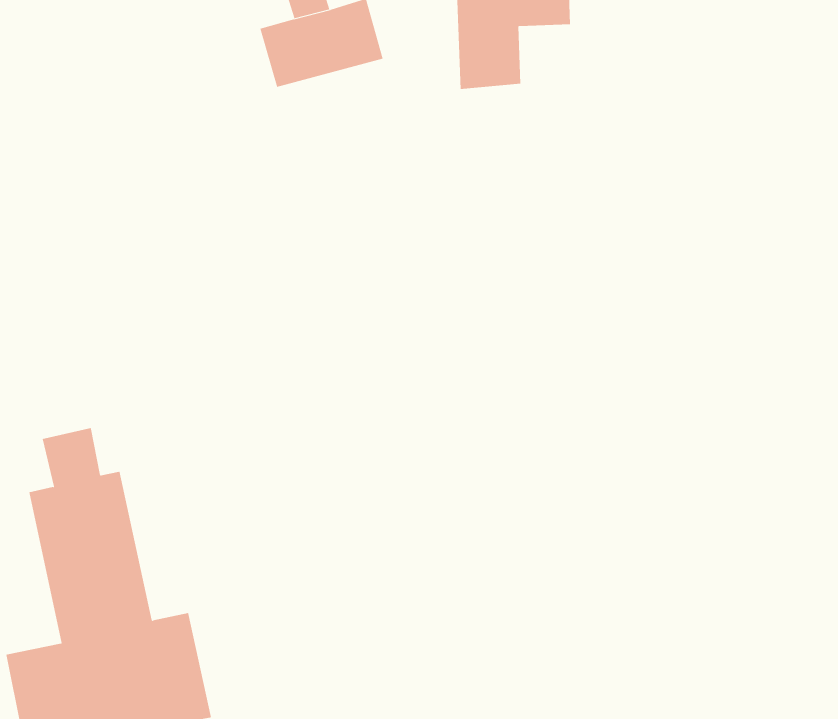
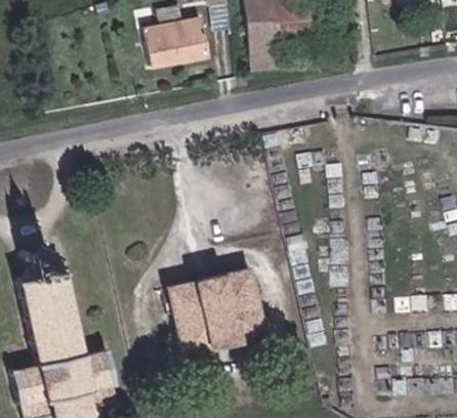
building: none -> [166,269,257,350]

